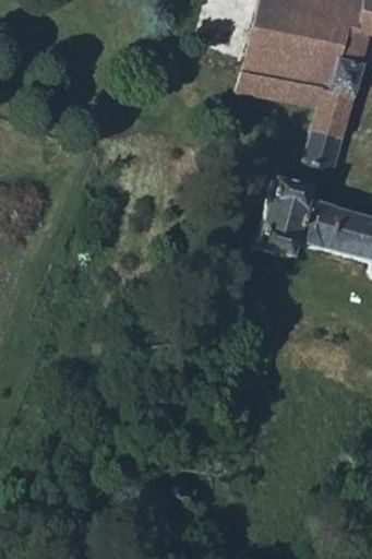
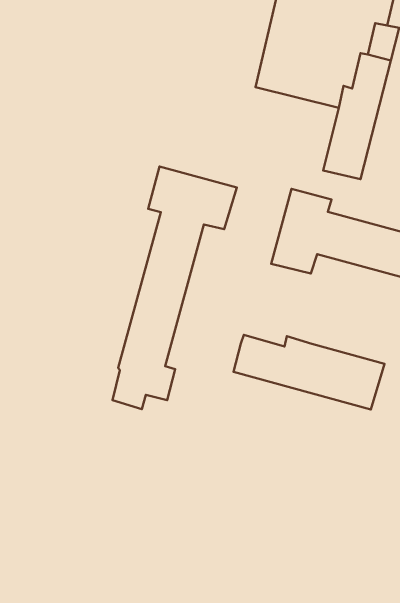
building: none -> [112,167,237,409]
building: none -> [233,335,385,409]

